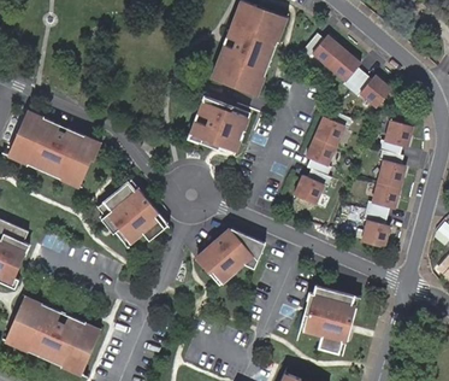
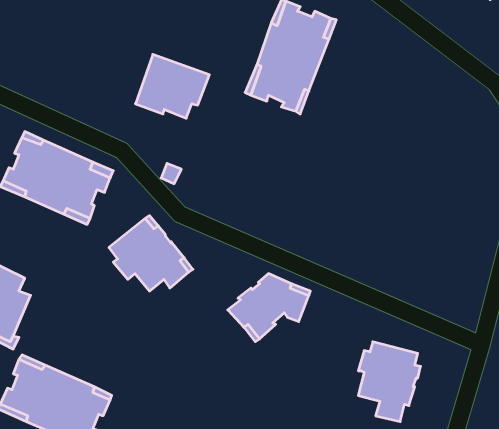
building: [301,33,390,106] -> none
building: [188,96,249,150] -> [135,54,209,118]
building: [293,110,351,204] -> none
building: [361,119,412,246] -> none

